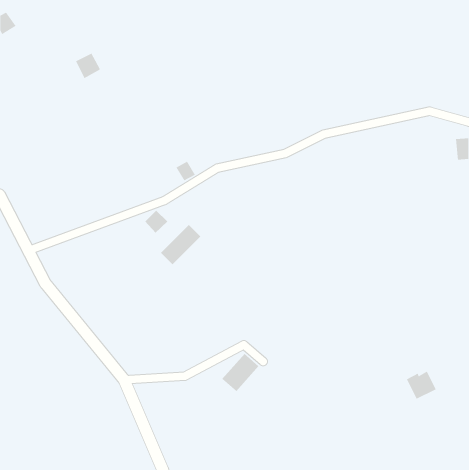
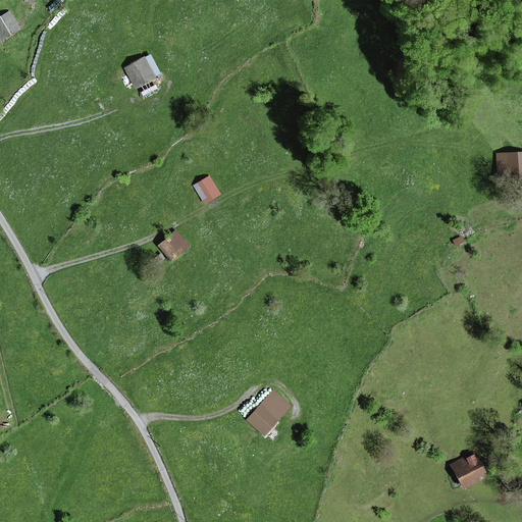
building: [75,53,101,79] -> [124,58,153,87]
building: [160,224,201,265] -> none
building: [406,371,436,399] -> [452,455,485,486]

